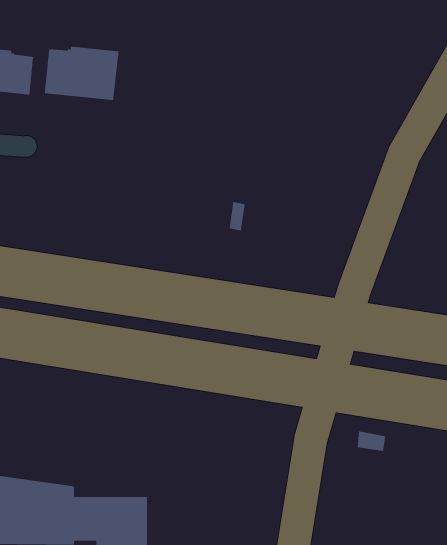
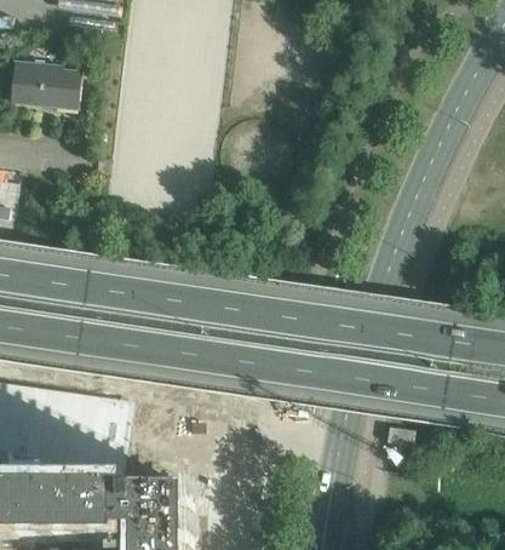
building: [44,46,119,101] -> none

